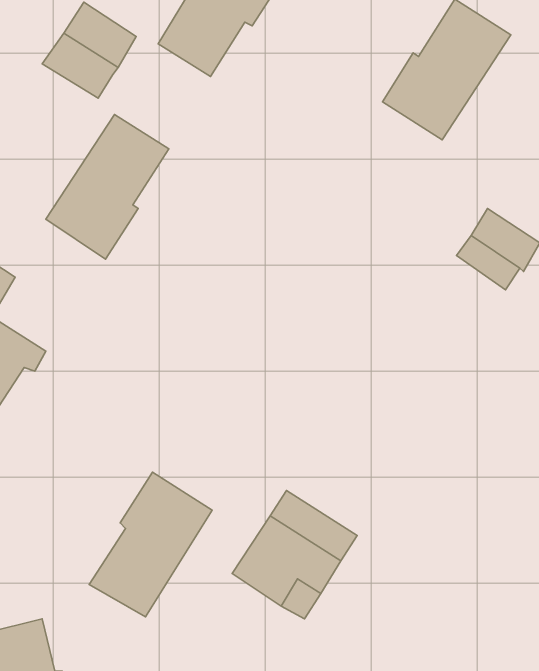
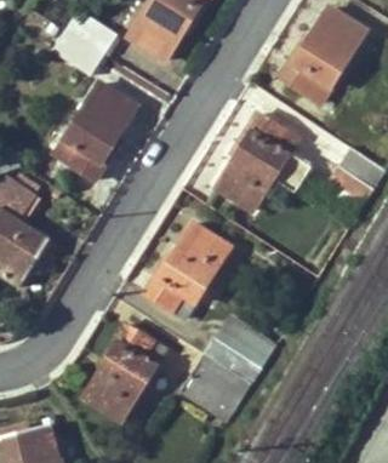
building: none -> [216,113,309,208]
building: none -> [144,223,230,318]

